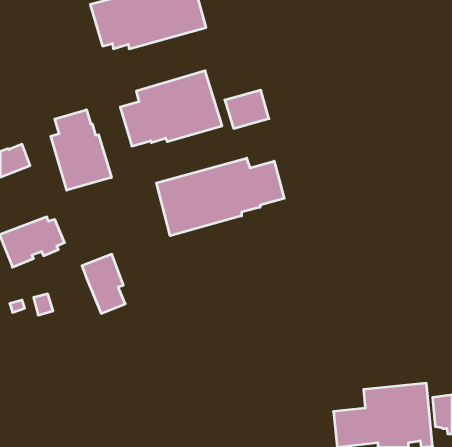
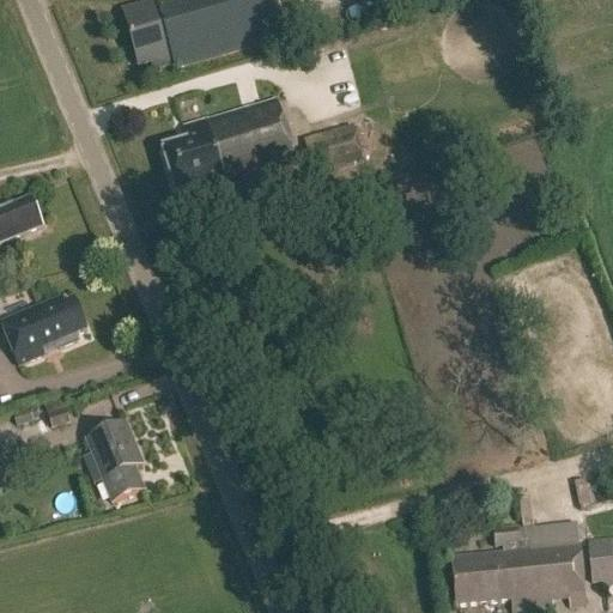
building: [51,110,111,190] -> none
building: [156,158,284,236] -> none
building: [82,254,125,313] -> [85,420,144,500]

